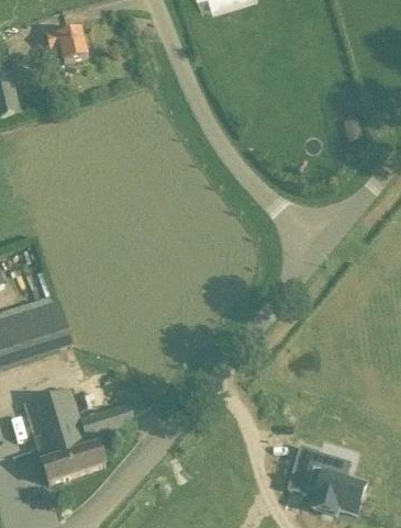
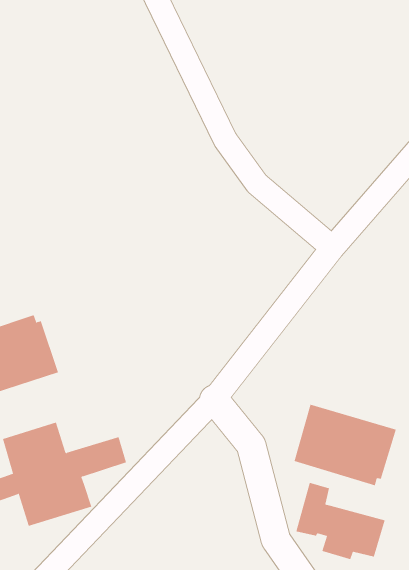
building: [46,27,87,59] -> none
building: none -> [294,404,396,486]

